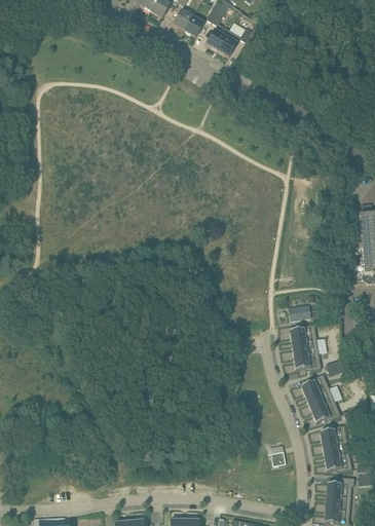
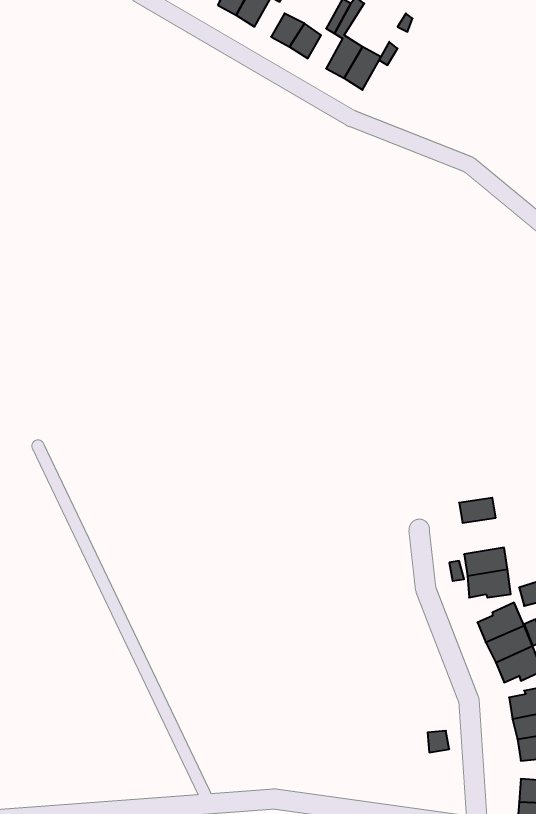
building: [290,324,316,343] -> none

